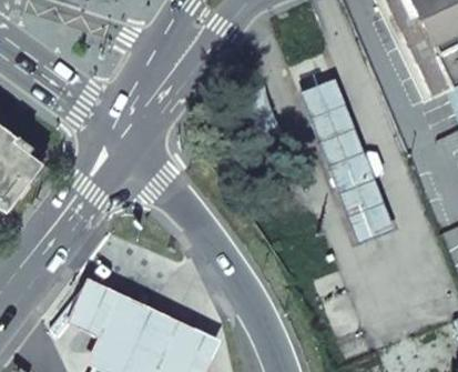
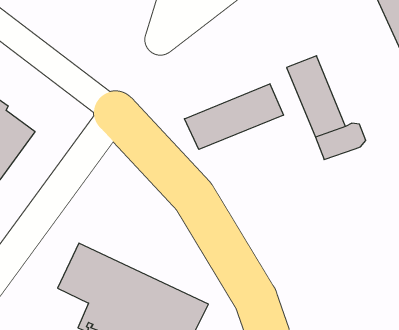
building: none -> [184,84,283,149]
building: [342,178,393,238] -> none

